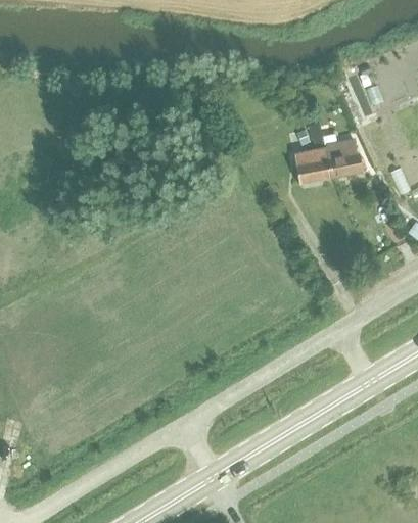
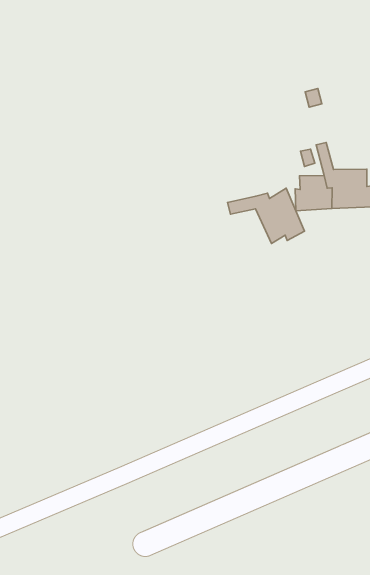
building: none -> [227,188,304,243]

